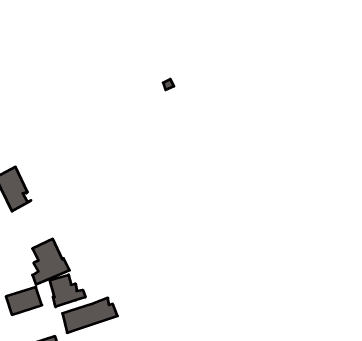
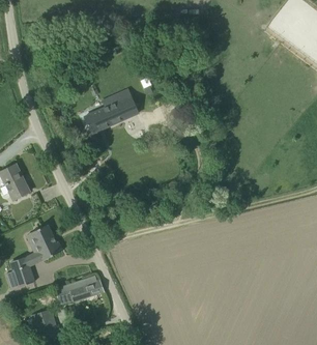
building: none -> [84,85,146,133]
building: [50,275,85,307] -> none

